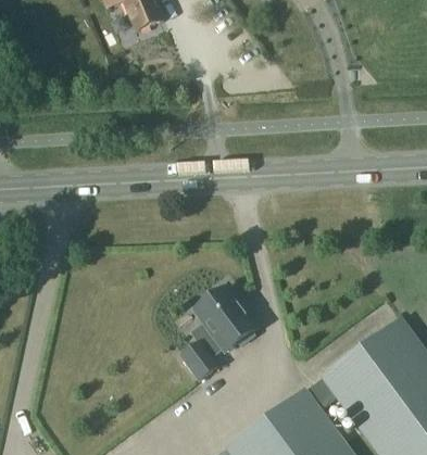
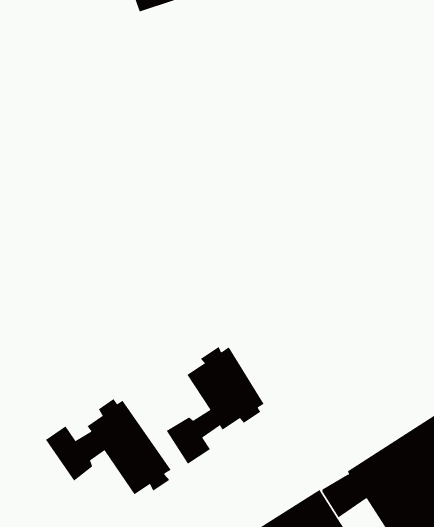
building: none -> [45,398,172,495]

